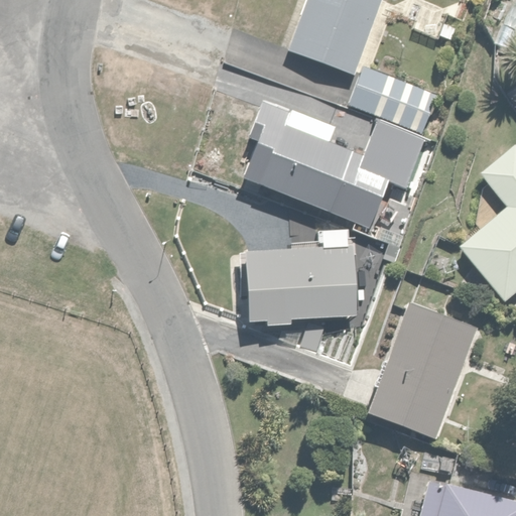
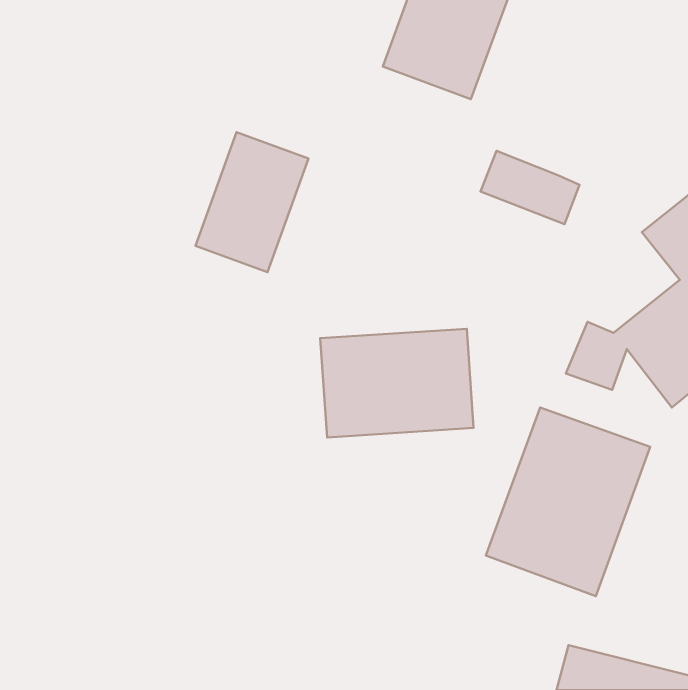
building: [352,62,433,130] -> none
building: none -> [196,132,309,272]
building: [245,118,391,238] -> none

